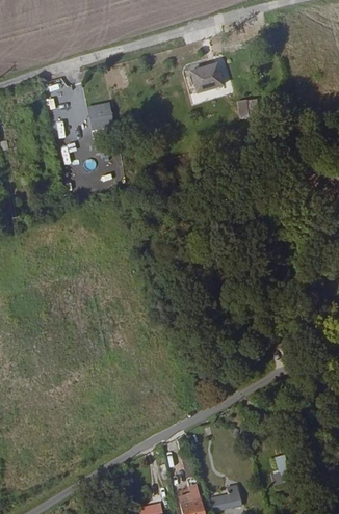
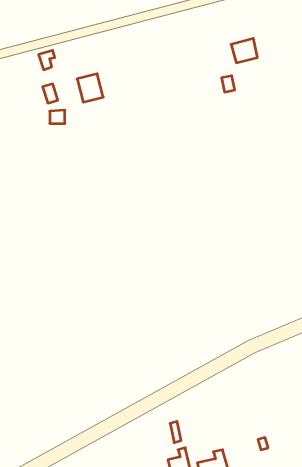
building: [193,63,220,88] -> [231,38,257,63]

